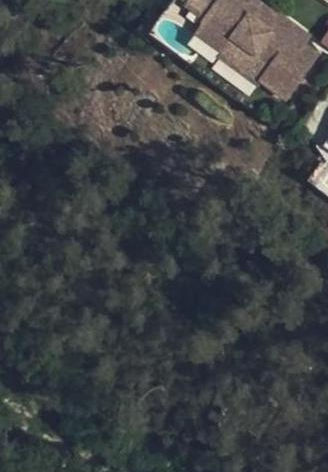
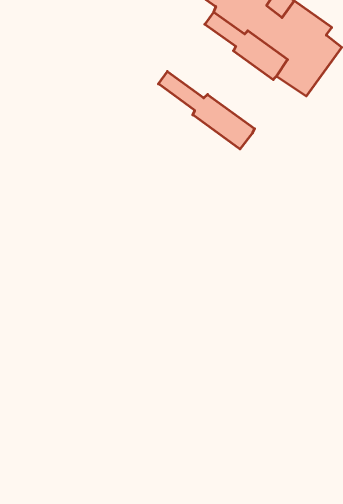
building: none -> [158,71,255,149]

